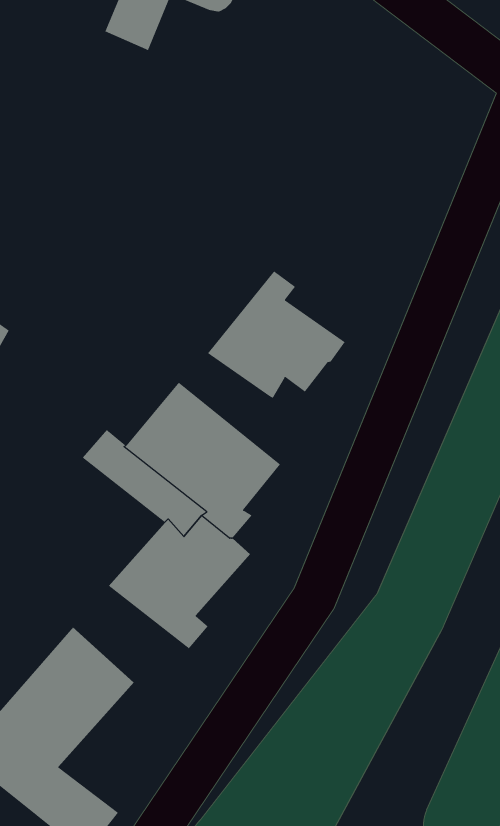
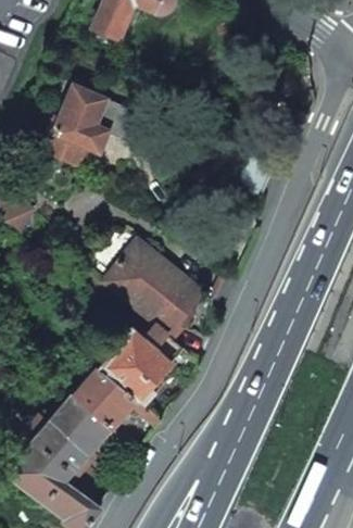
building: none -> [40,86,150,167]
building: [207,271,346,399] -> none
building: none -> [74,369,162,429]

